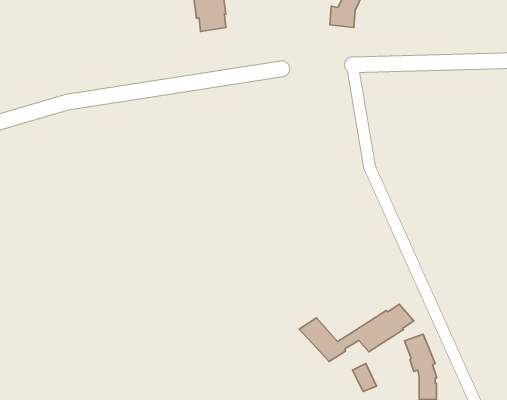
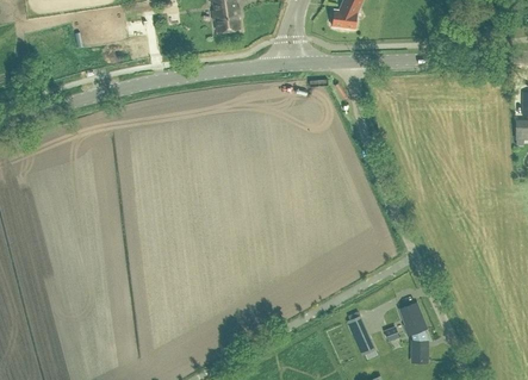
building: [299,304,414,362] -> none

